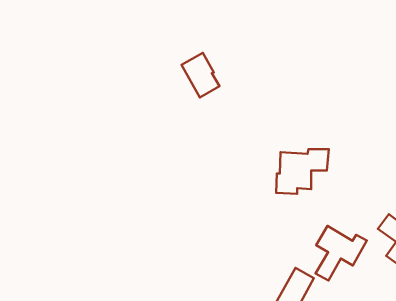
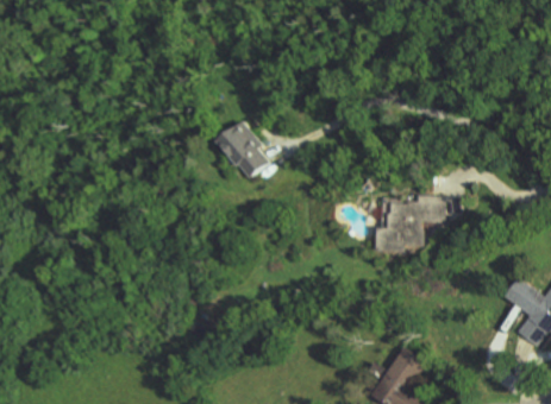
building: [181,53,219,97] -> [219,122,268,179]
building: [316,226,367,281] -> none

